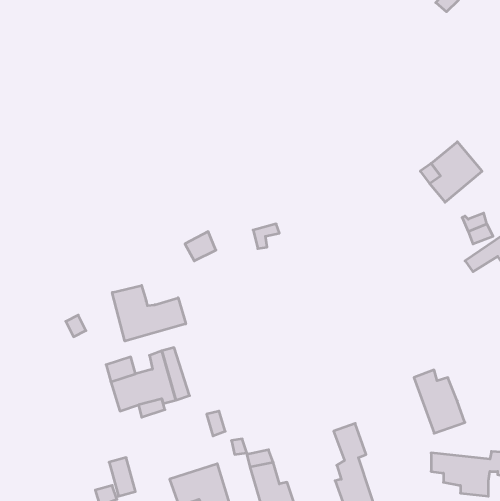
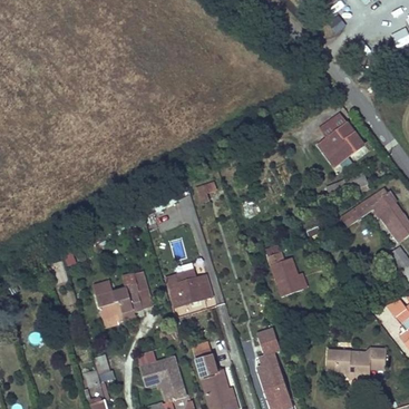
building: [112,285,186,341] -> none
building: none -> [165,270,211,305]
building: [414,370,465,433] -> [266,249,303,294]

